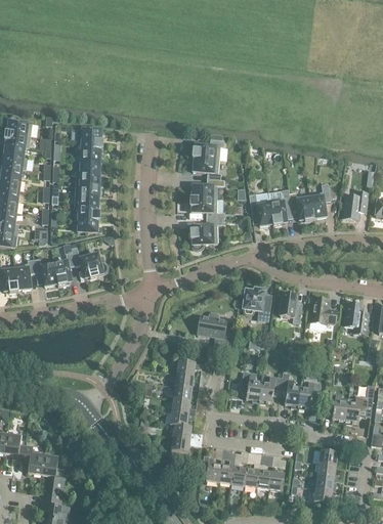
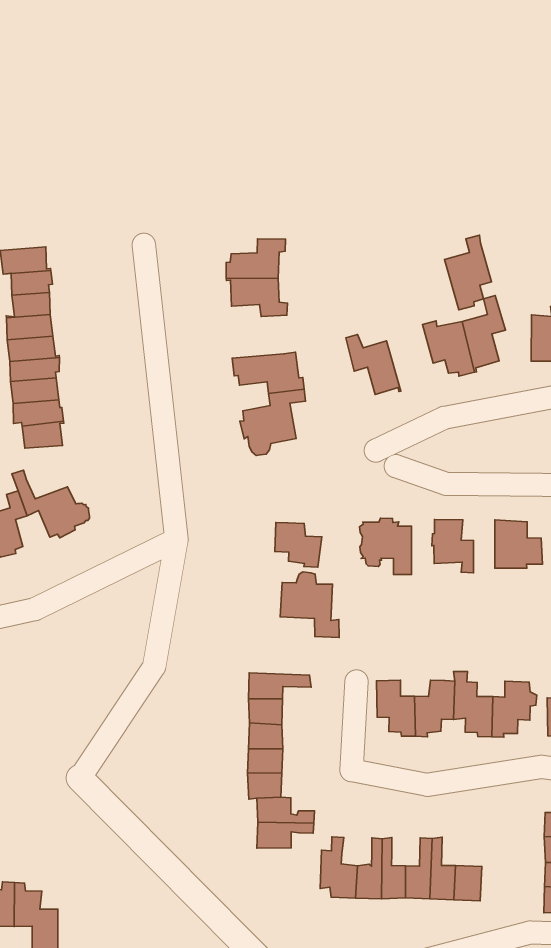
building: [189,178,224,199] -> none
building: [269,188,292,225] -> [444,235,491,310]
building: none -> [275,523,322,567]

